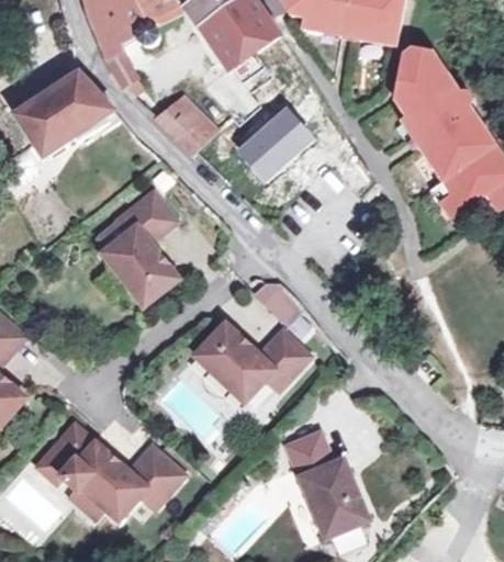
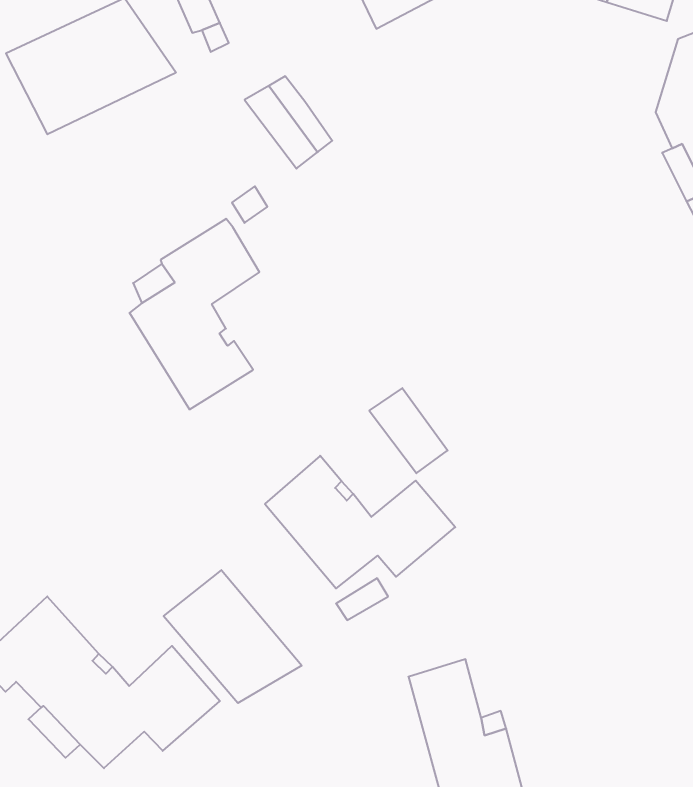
building: [234,101,313,179] -> none
building: none -> [164,570,302,703]

